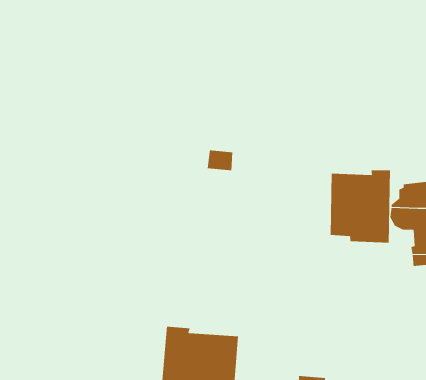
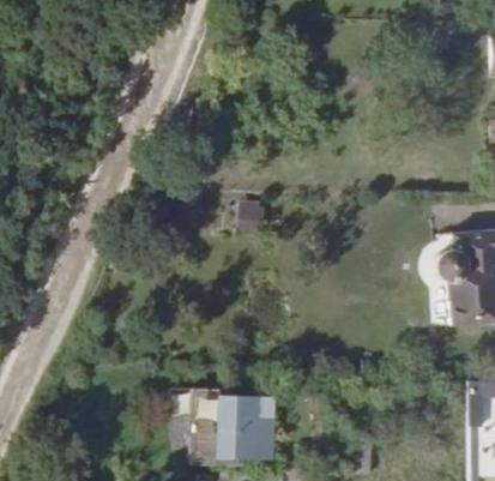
building: [330,169,390,243] -> none

